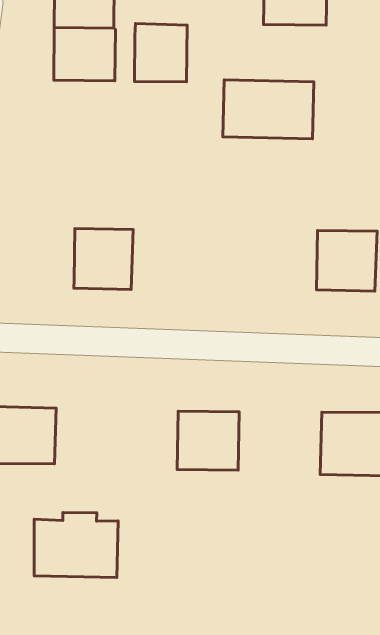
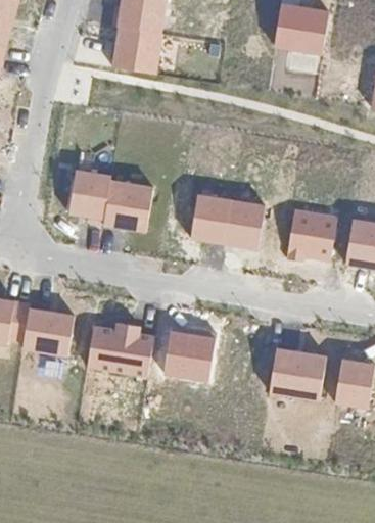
building: [135,23,187,82] -> none
building: [223,80,314,139] -> [191,193,266,247]
building: none -> [68,170,111,220]
building: [34,512,118,578] -> [87,322,156,377]

